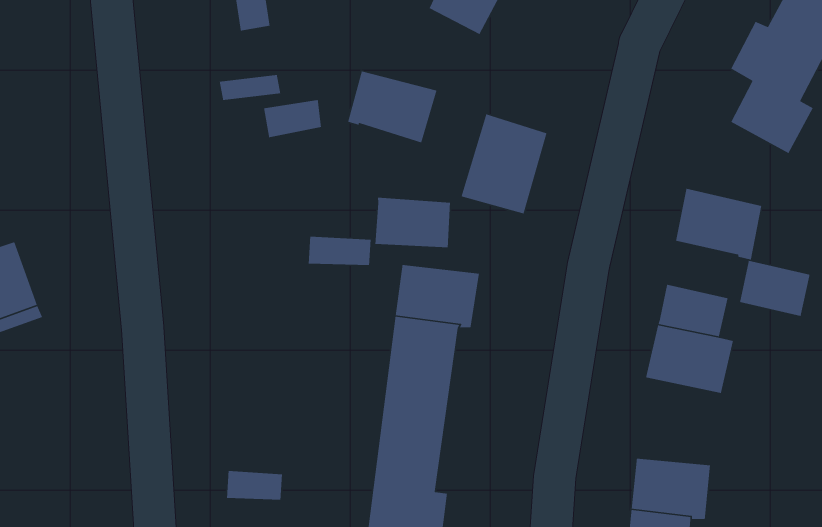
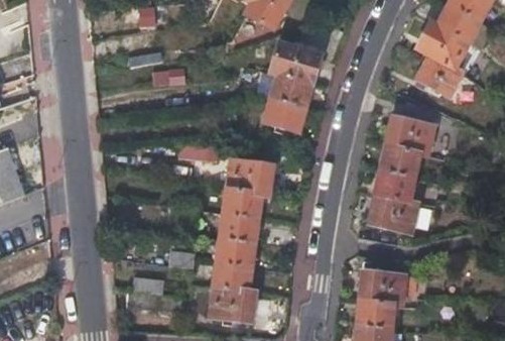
building: [347,71,438,143] -> [270,44,322,86]
building: [374,197,451,248] -> none
building: [739,260,810,317] -> [380,147,420,180]

